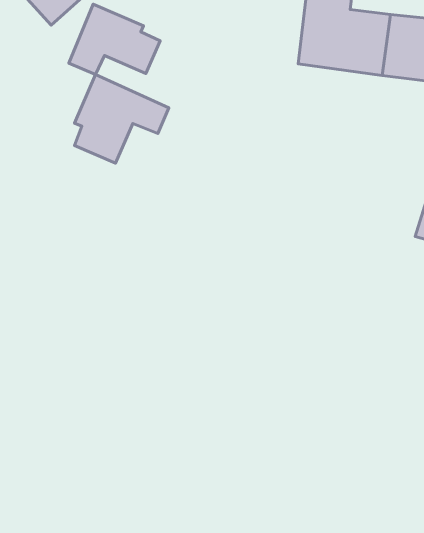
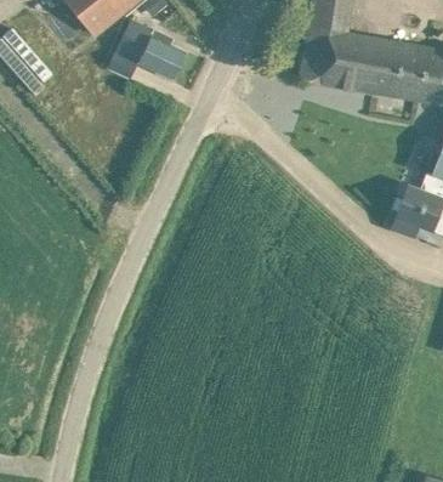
building: [74,75,169,163] -> none

